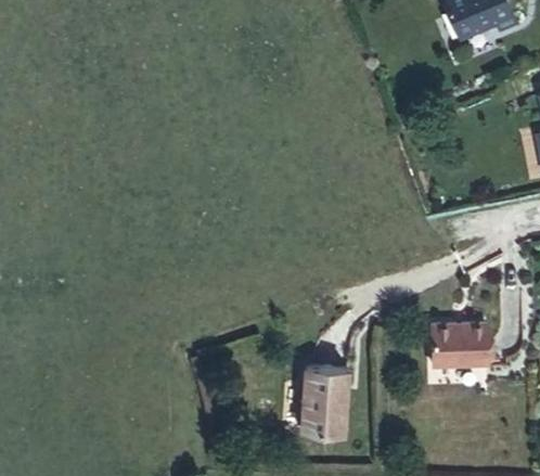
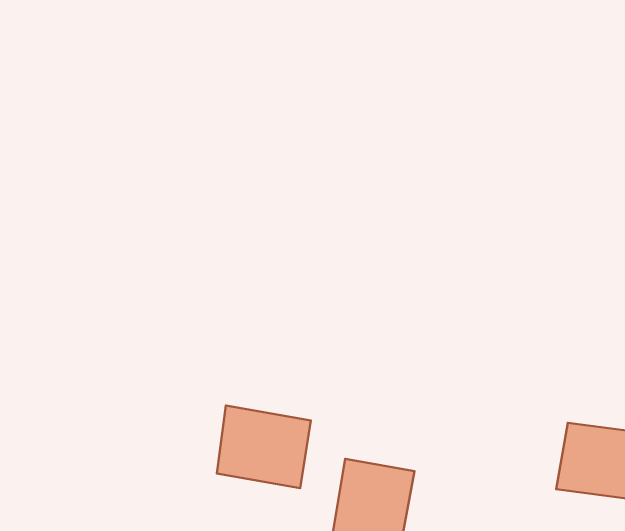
building: none -> [217,406,311,488]

